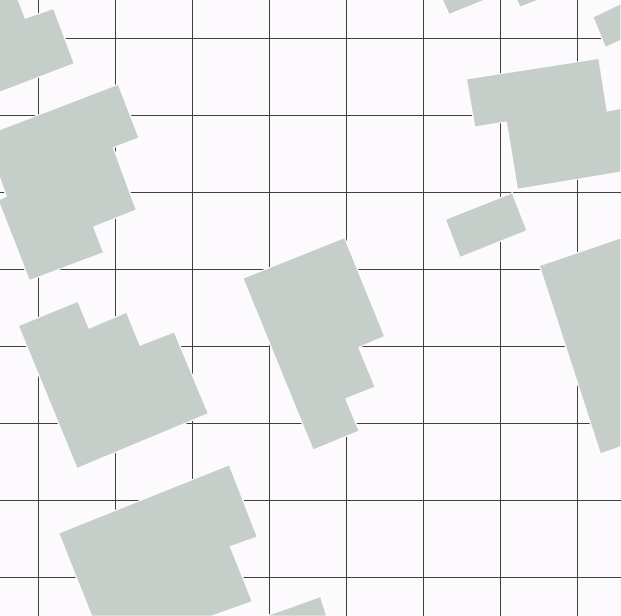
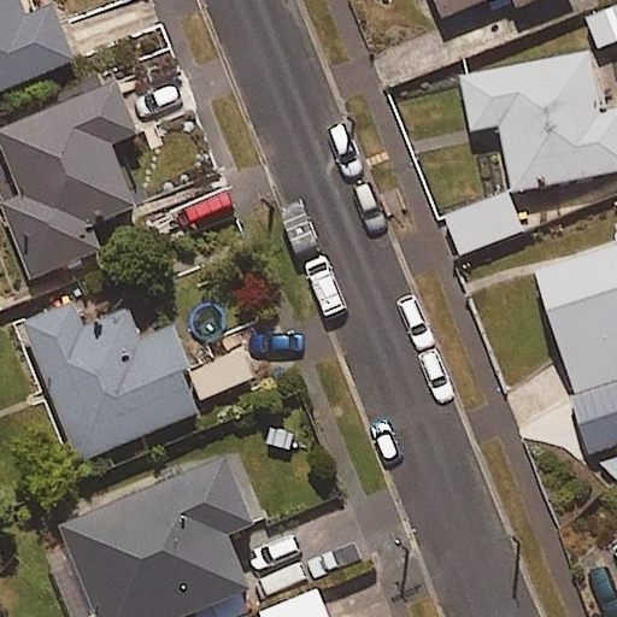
building: [243,237,385,450] -> none

